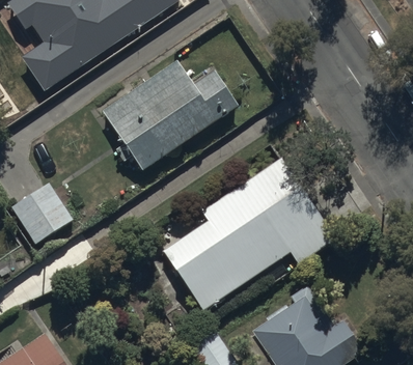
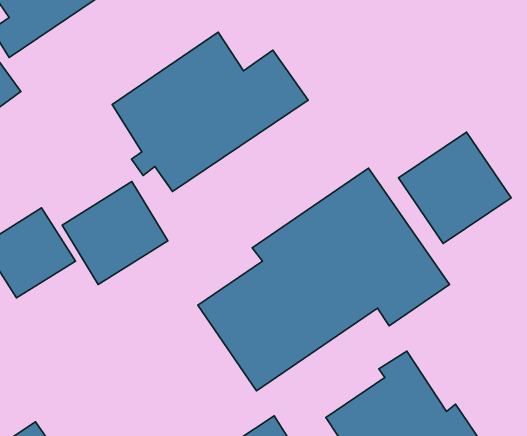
building: none -> [399,132,511,243]
building: none -> [62,182,168,284]

